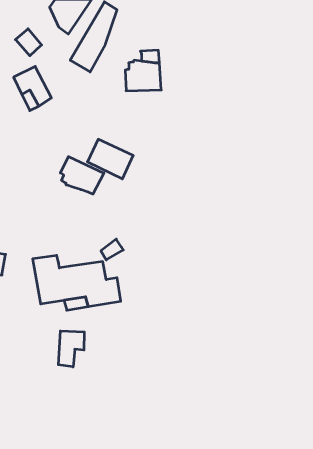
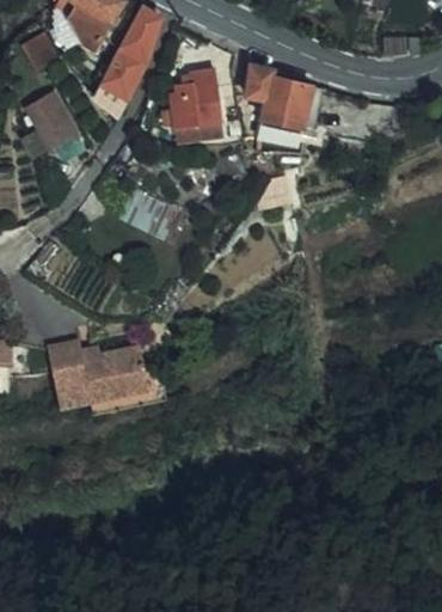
building: none -> [244,68,308,131]
building: [60,157,104,194] -> none
building: [58,331,84,367] -> none

